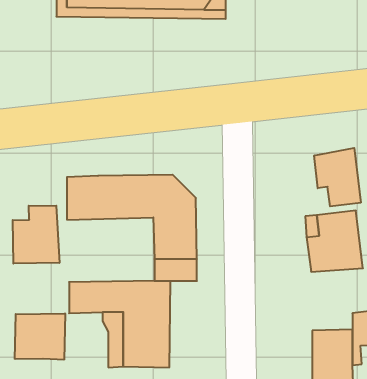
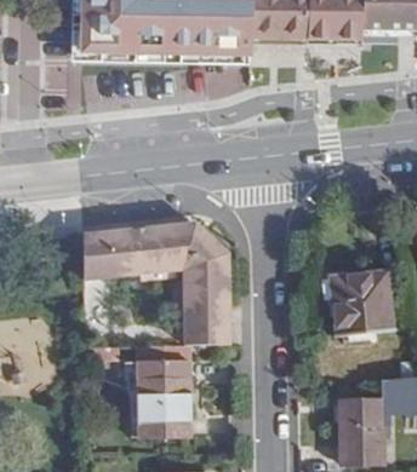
building: [314,148,361,206] -> none
building: [13,206,59,264] -> none
building: [15,313,65,360] -> none

